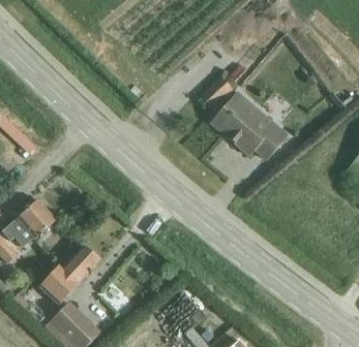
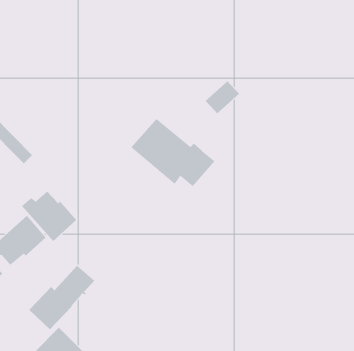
building: [211,95,289,158] -> [131,118,215,187]
building: none -> [21,191,77,242]

